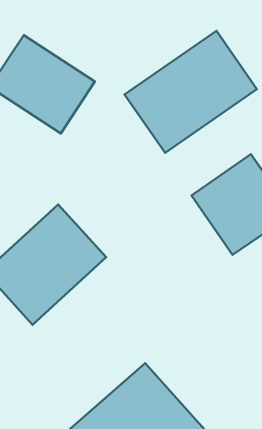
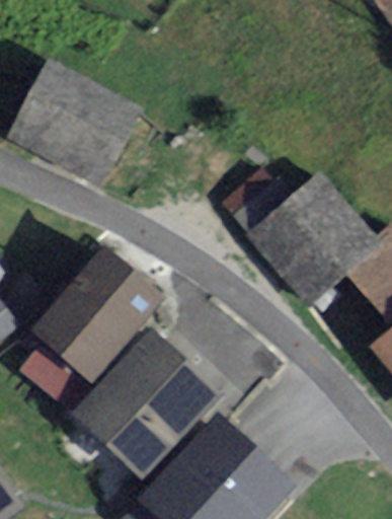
building: [125,31,257,153] -> none
building: none -> [73,332,216,476]

